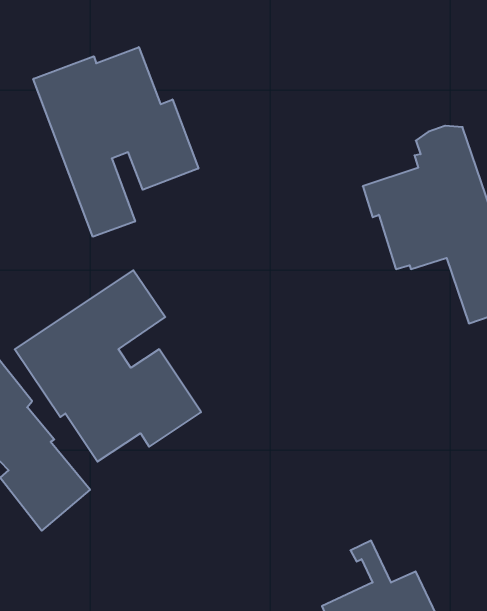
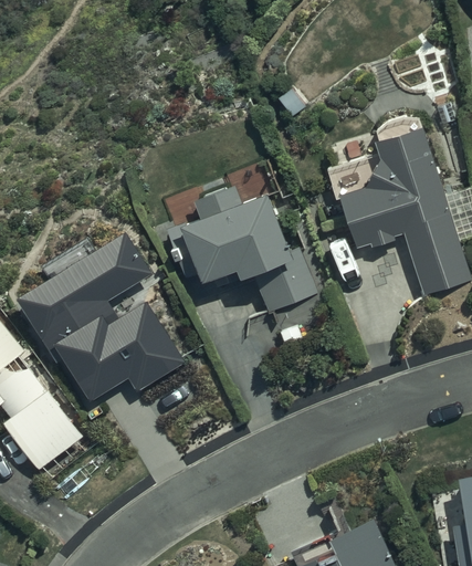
building: [33,47,198,237] -> none
building: none -> [166,184,318,310]

